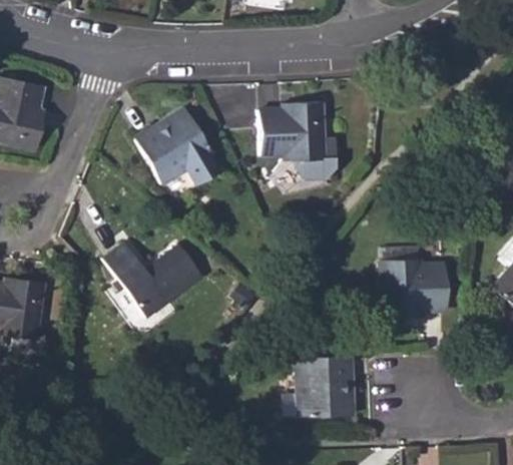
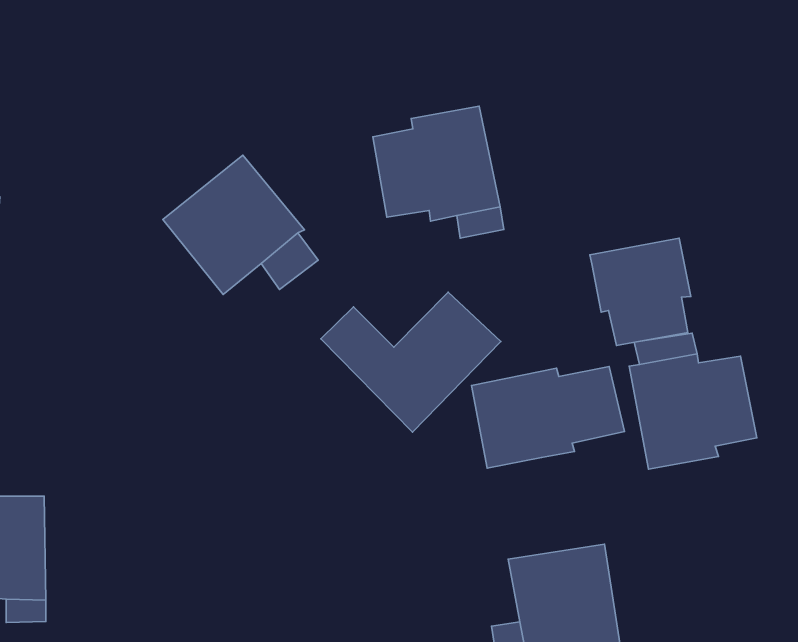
building: none -> [590,238,691,345]
building: [104,244,204,319] -> [321,292,501,432]
building: none -> [472,367,624,468]

